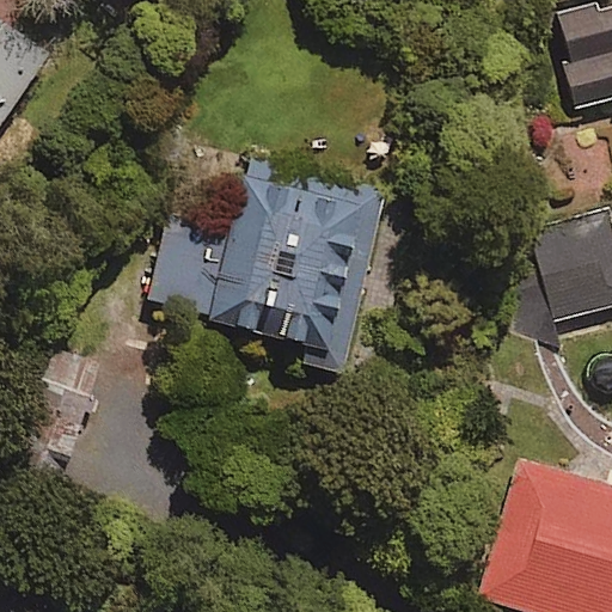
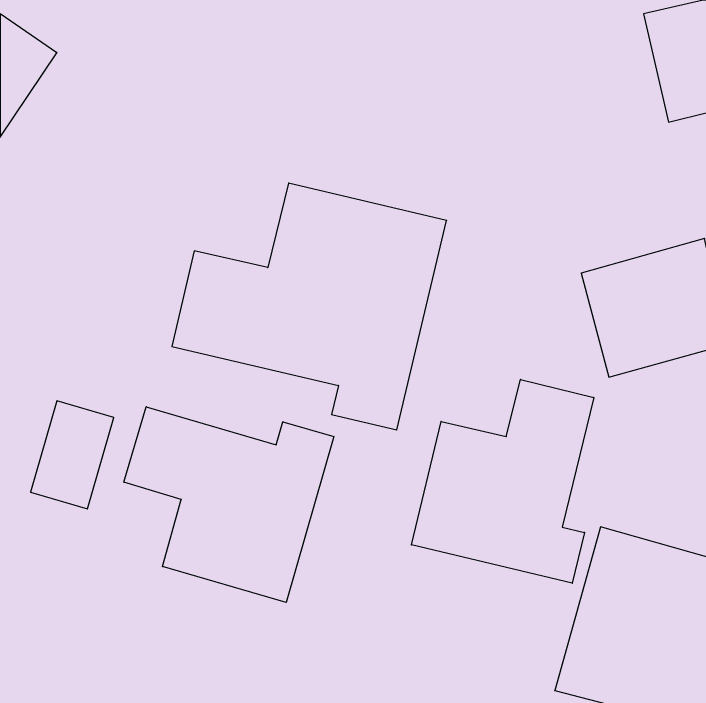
building: none -> [411,379,594,583]
building: none -> [124,407,334,602]

